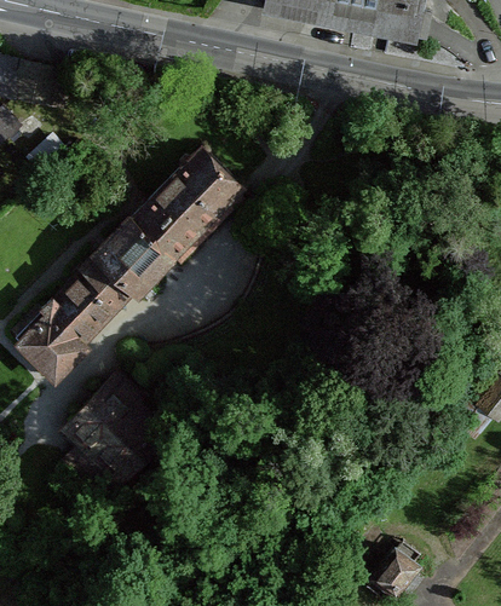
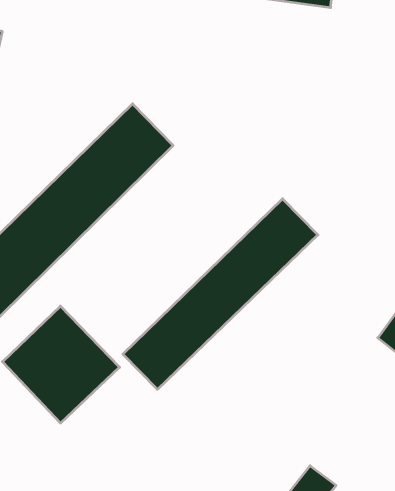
building: none -> [123,199,318,389]

